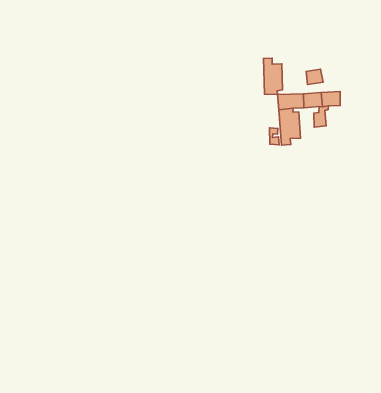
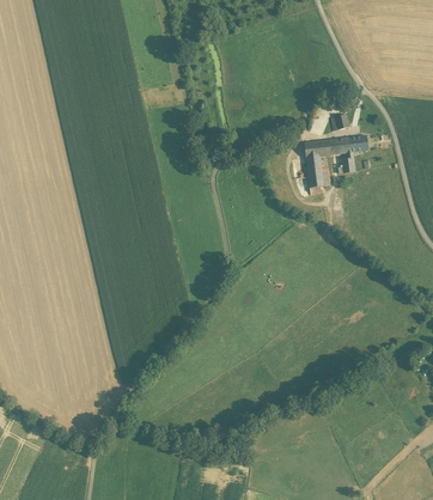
building: [263,58,283,94] -> none

